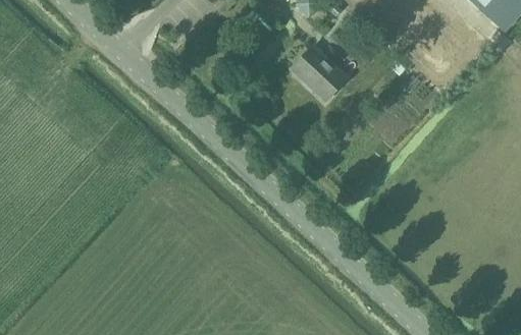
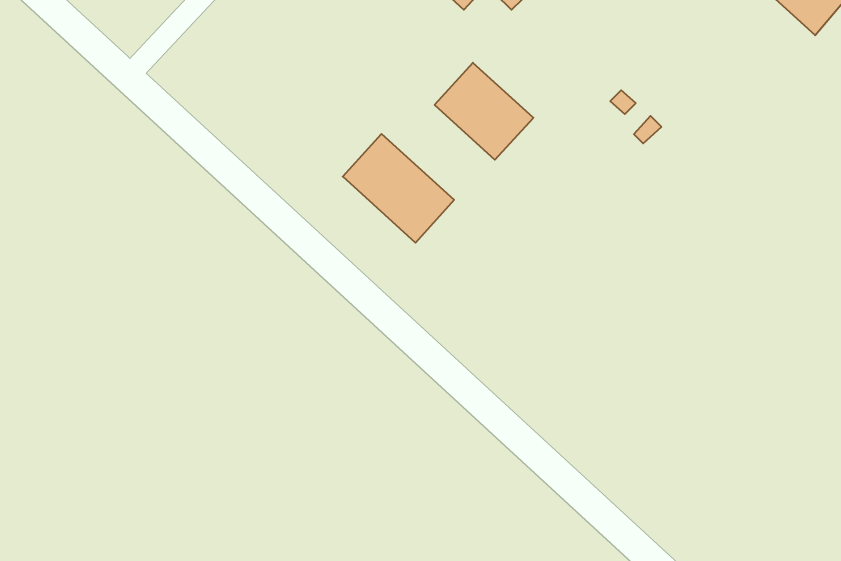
building: none -> [343,134,454,243]

